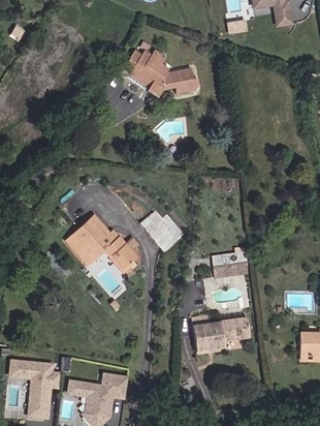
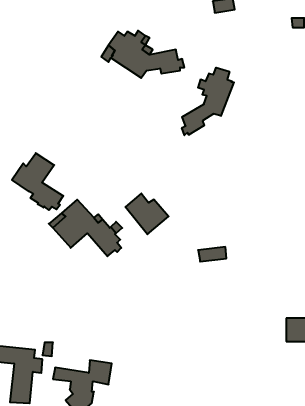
building: none -> [182,68,234,135]
building: none -> [12,153,63,210]
building: [191,314,250,355] -> none

